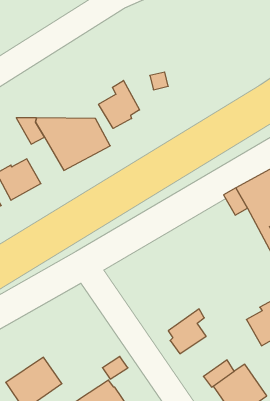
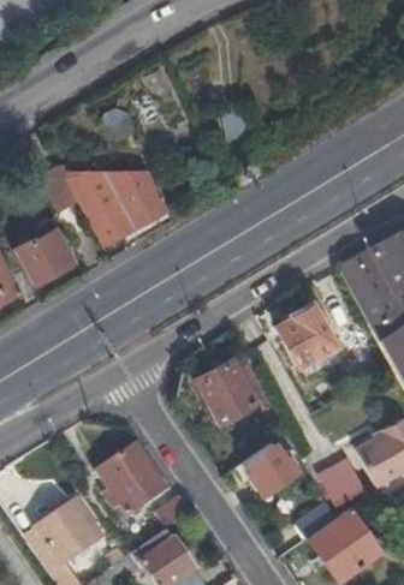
building: [99,80,140,128] -> none
building: none -> [279,304,337,366]
building: none -> [198,354,285,430]
building: none -> [99,446,166,515]
building: none -> [316,455,364,505]

